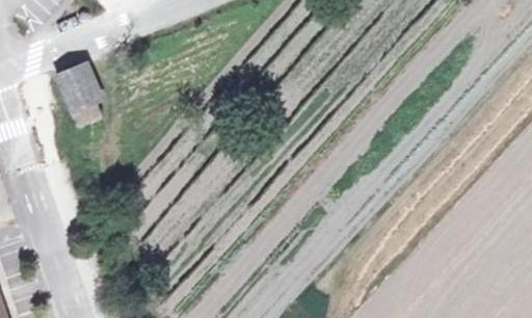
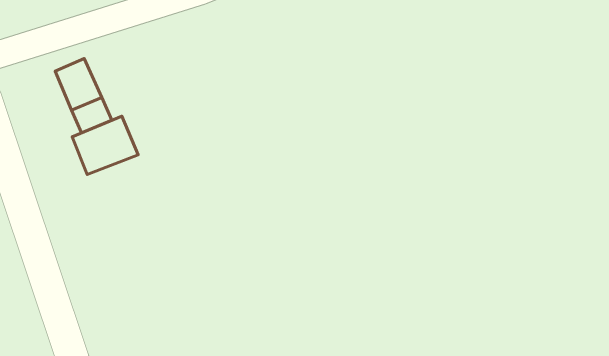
building: none -> [72,116,138,174]

